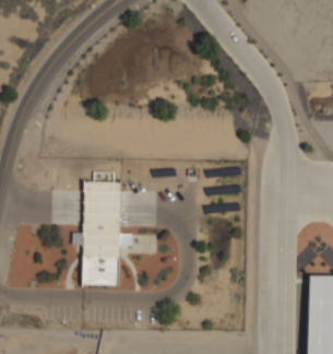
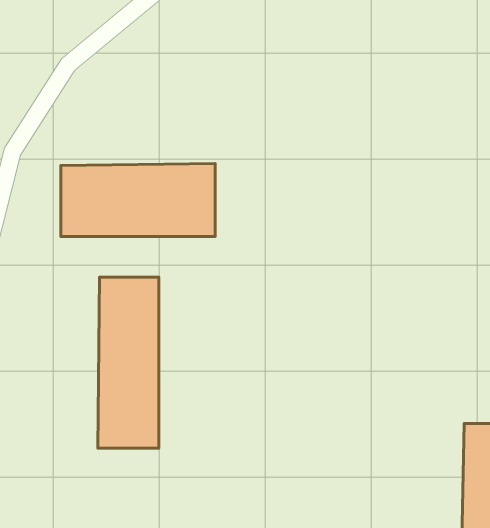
building: none -> [61,163,215,236]

